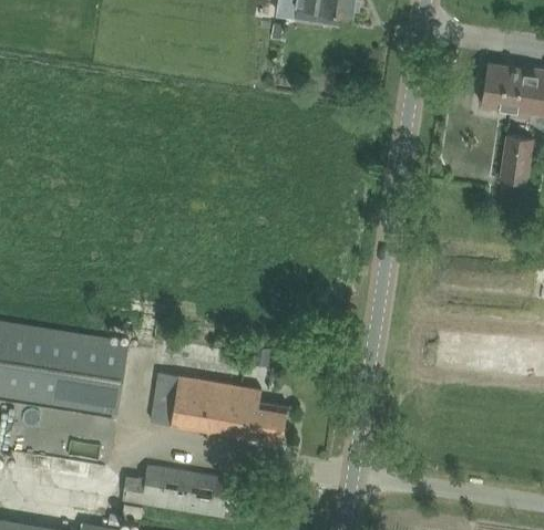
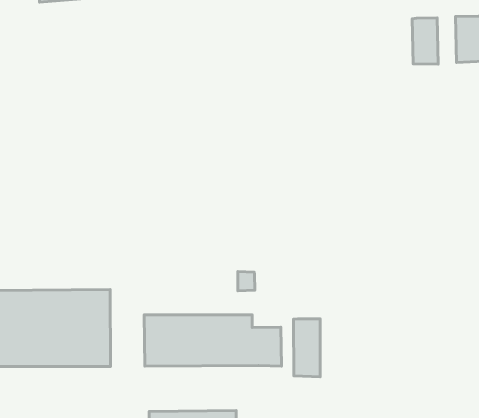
building: none -> [412,18,438,64]
building: none -> [293,319,320,377]

